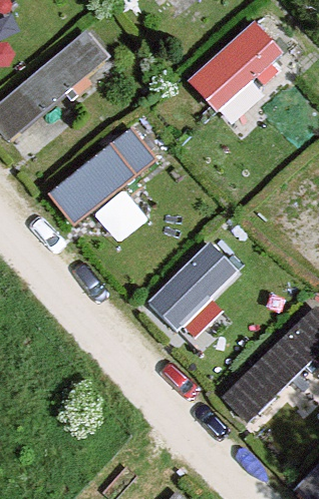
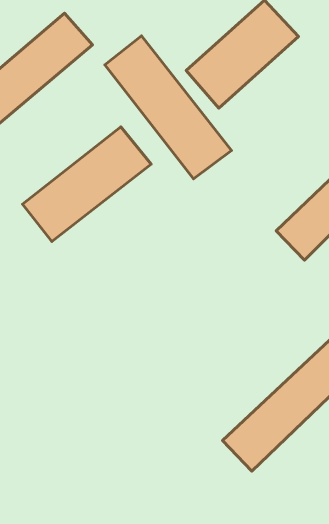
building: none -> [105,36,231,179]
building: [147,239,240,332] -> none

